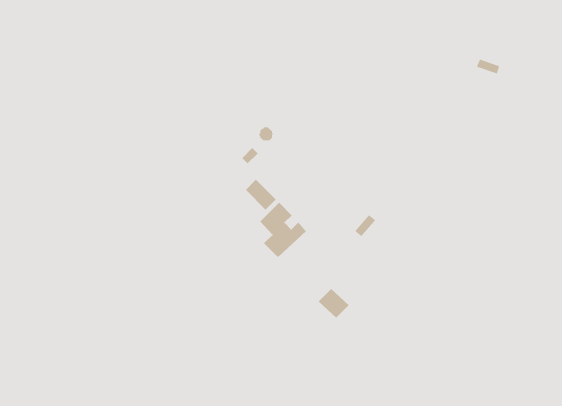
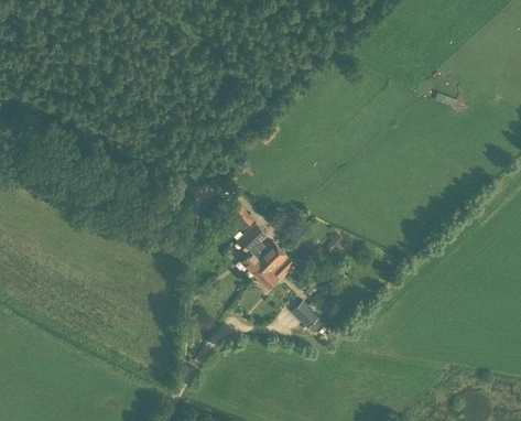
building: none -> [254,250,294,289]

